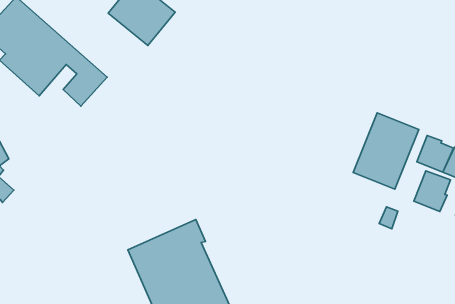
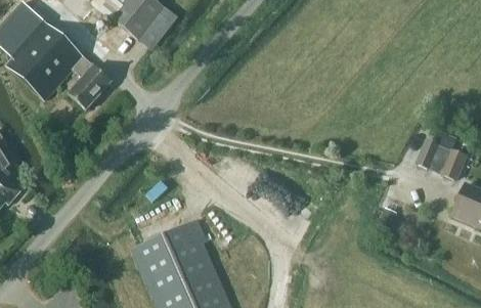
building: [353,113,419,189] -> none
building: [414,171,450,211] -> none

